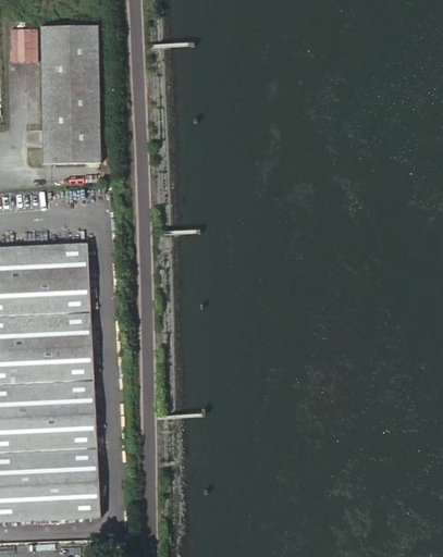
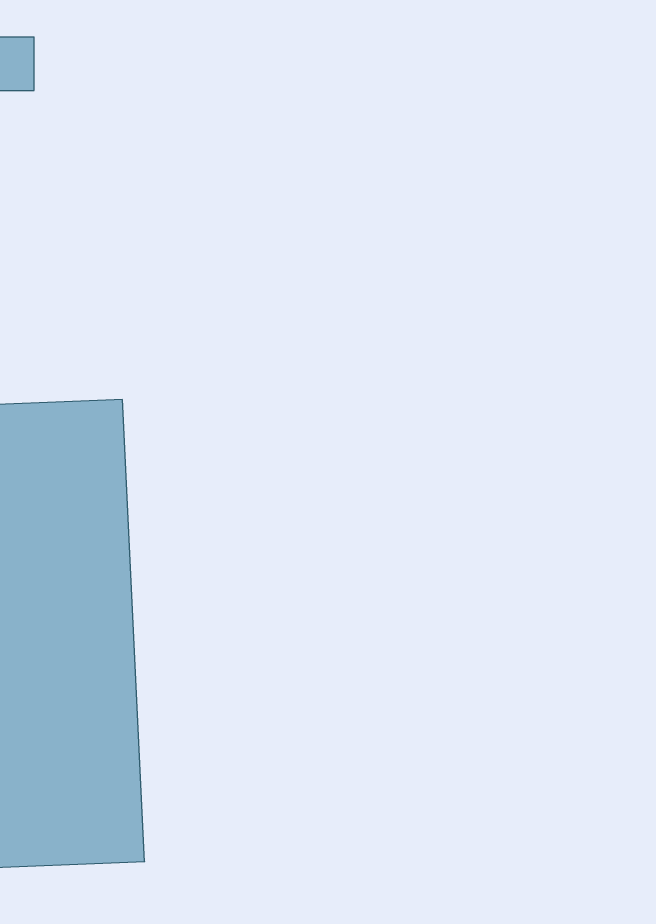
building: [39,25,99,164] -> none

